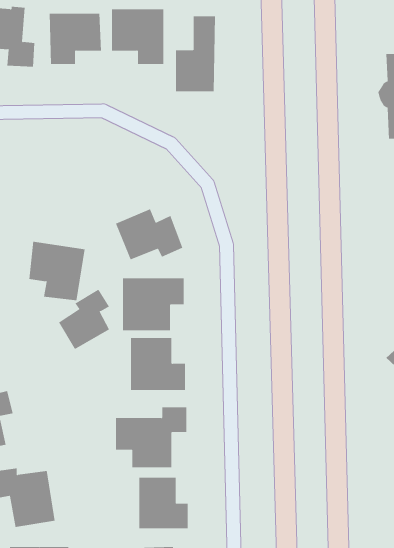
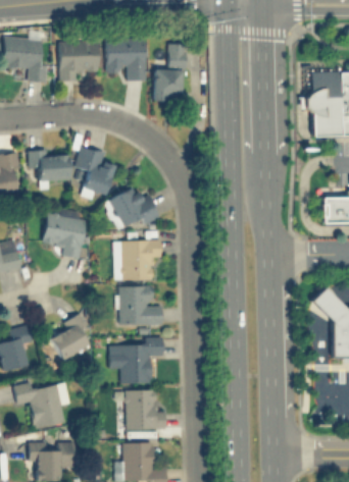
building: none -> [30,150,69,183]
building: none -> [78,150,110,196]
building: [58,289,110,350] -> [50,314,89,360]

